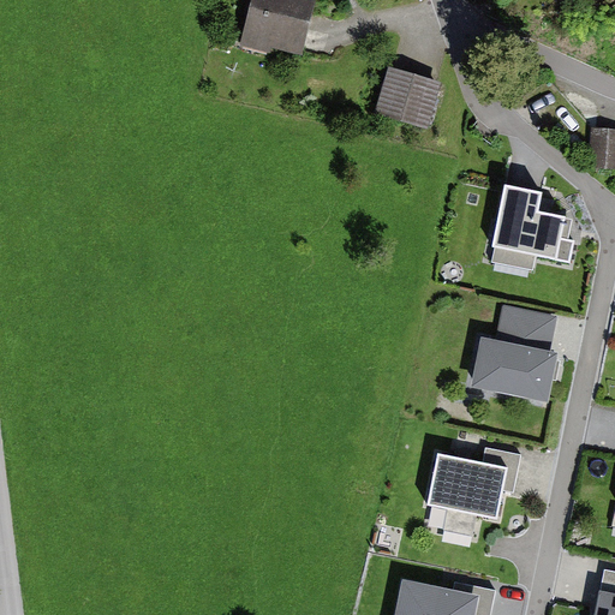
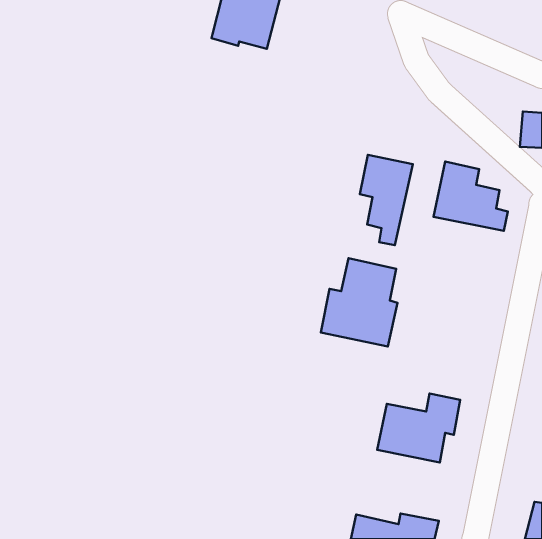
building: [374,67,441,130] -> none
building: none -> [360,155,413,245]
building: [471,305,557,405] -> [321,258,397,346]

